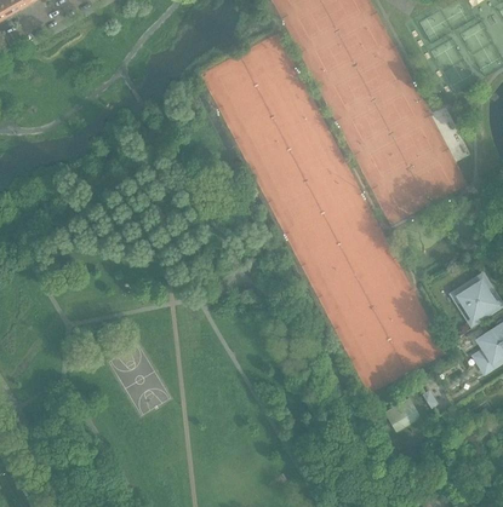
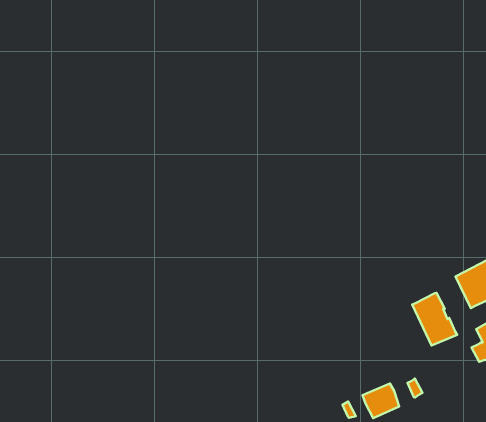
building: none -> [412,293,457,345]

